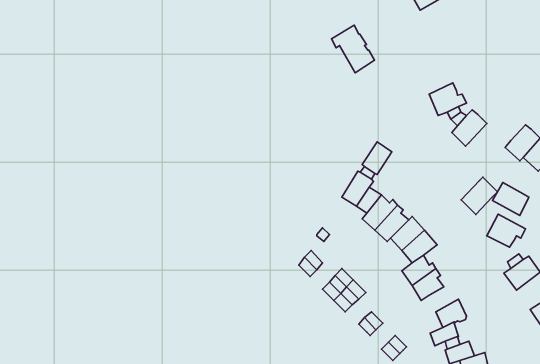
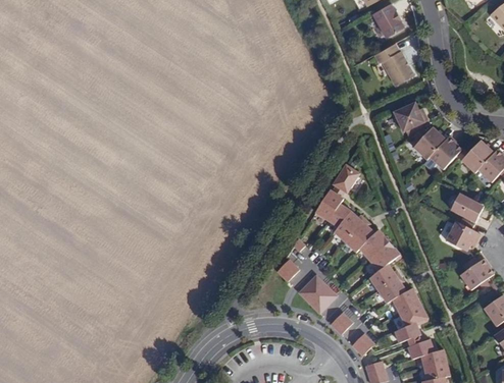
building: [331,25,375,73] -> [374,44,413,87]
building: [461,177,498,215] -> [430,138,462,171]
building: none -> [393,284,420,310]

